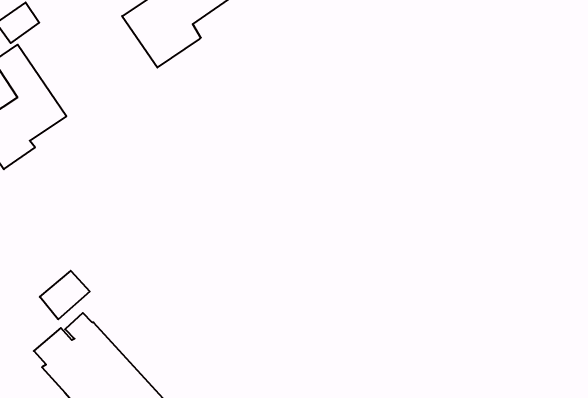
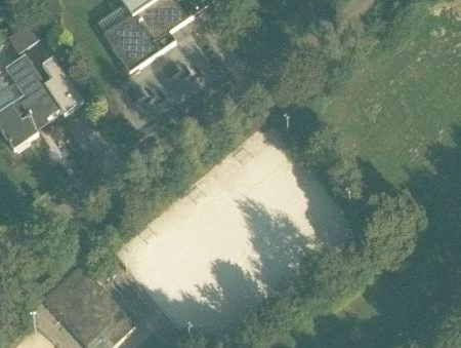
building: [40,271,90,319] -> none

